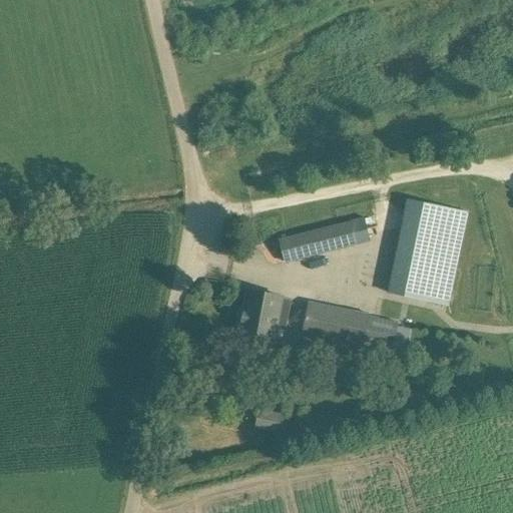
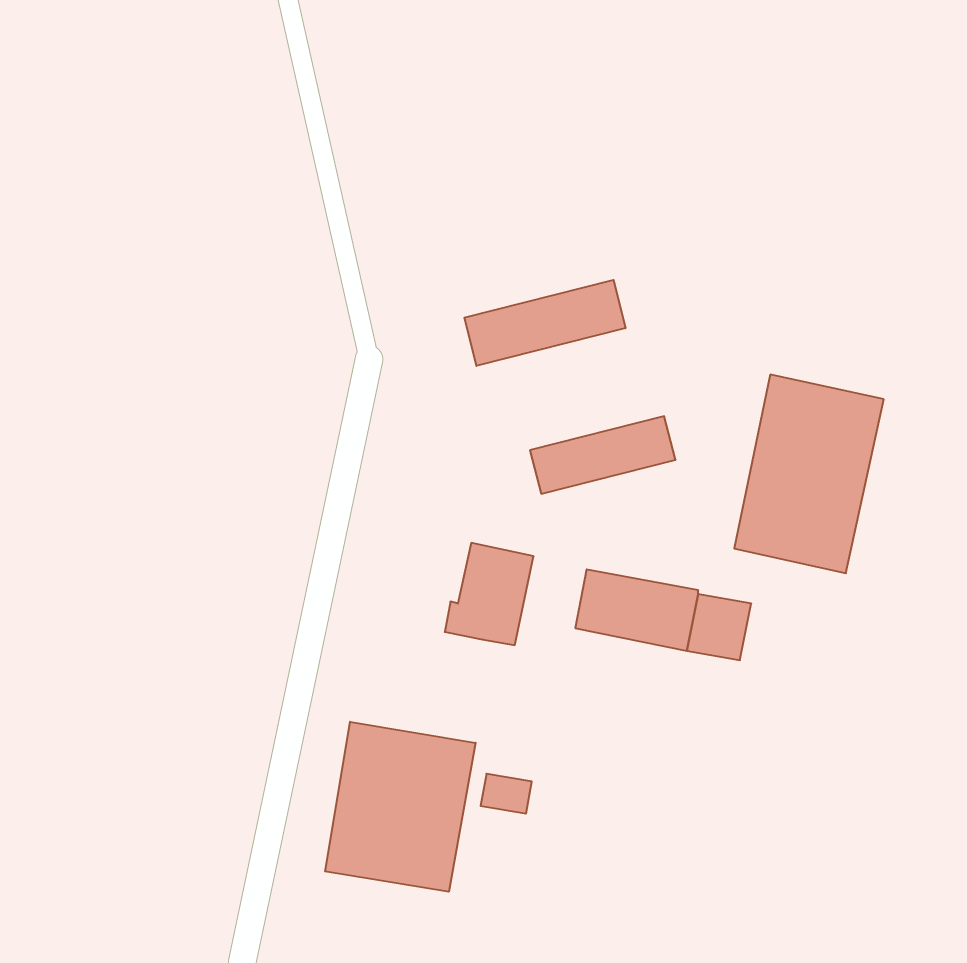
building: none -> [464,280,625,366]
building: none -> [325,722,476,892]

